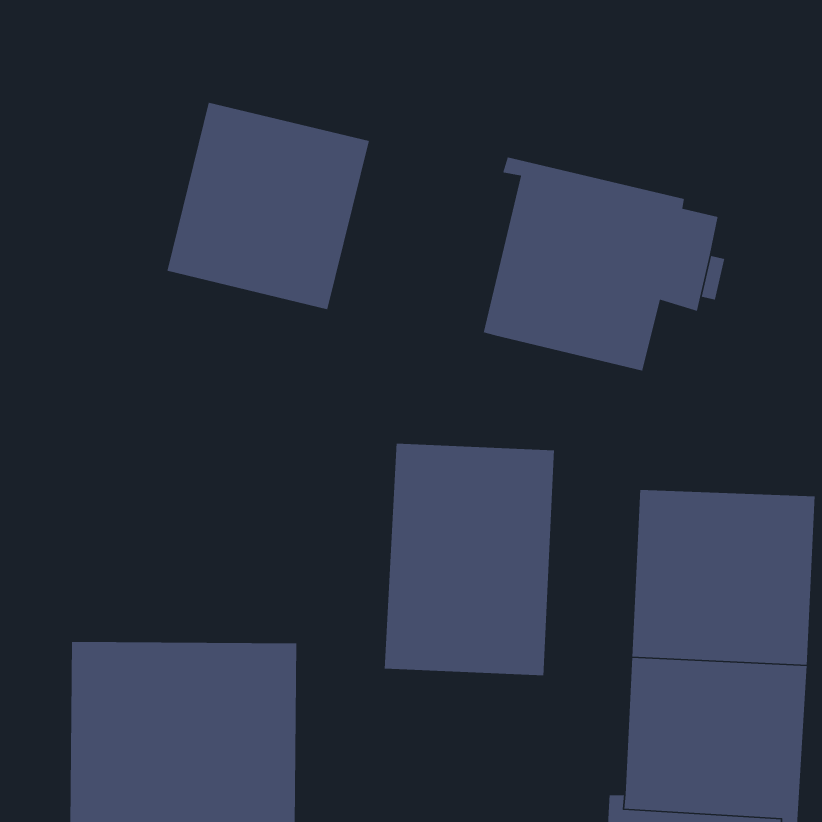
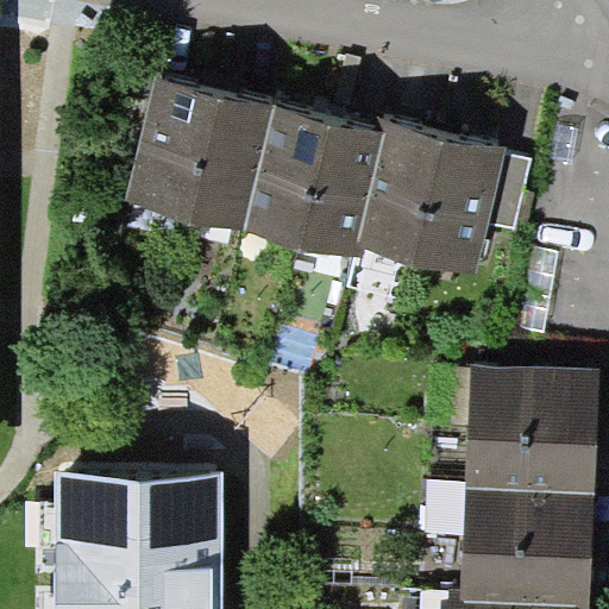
building: none -> [241,106,383,260]
building: [384,443,555,676] -> none

